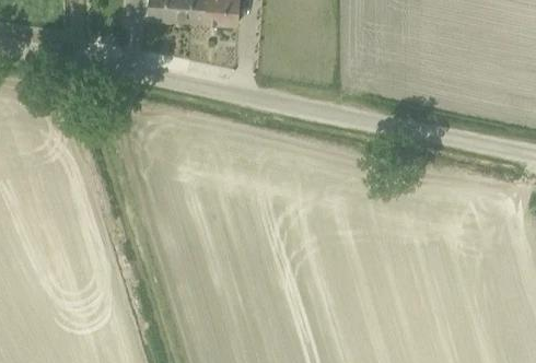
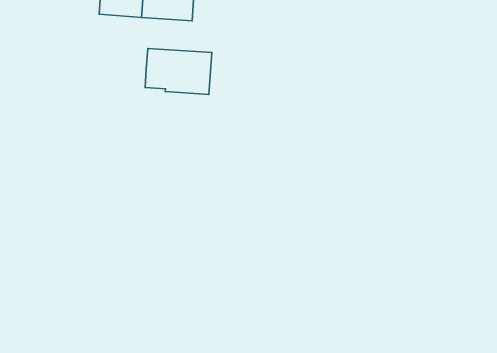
building: none -> [145,48,212,94]

